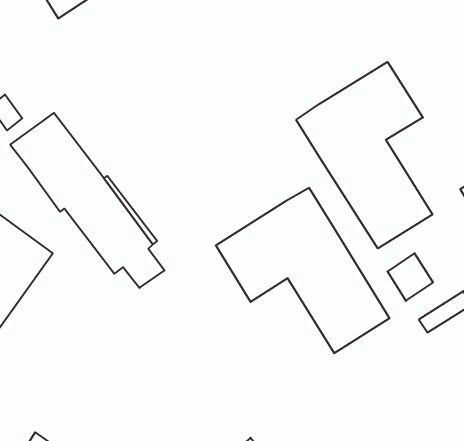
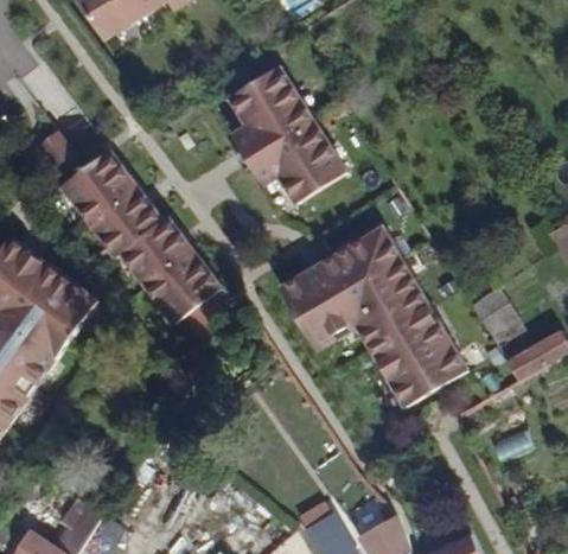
building: none -> [226,62,344,200]
building: [296,62,432,248] -> none

